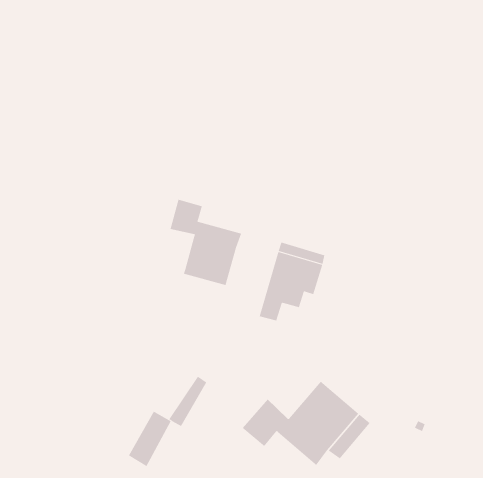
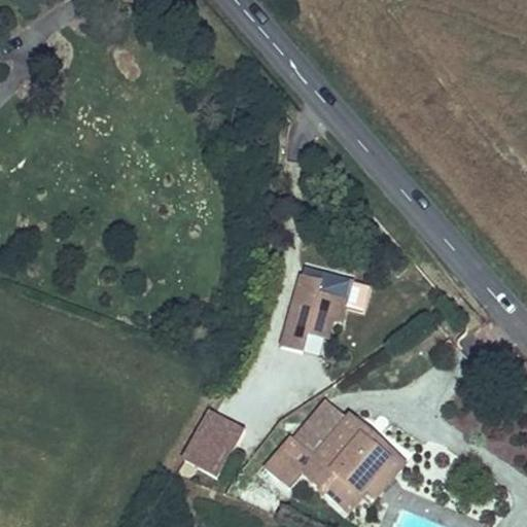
building: [170,199,242,286] -> none
building: none -> [291,398,345,456]
building: [128,411,172,467] -> [198,417,245,478]

